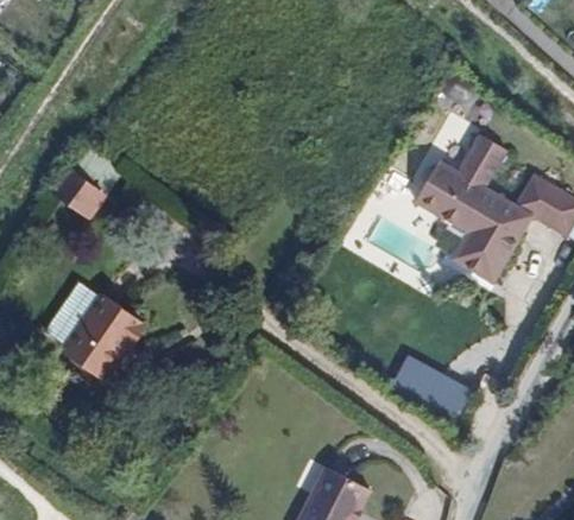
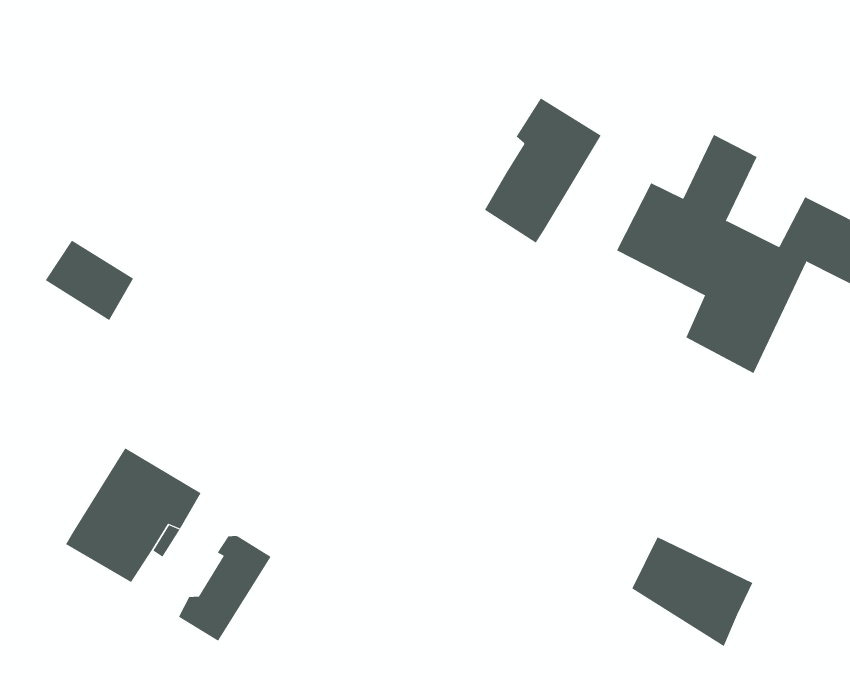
building: none -> [484,98,602,244]
building: [44,284,103,348] -> [178,536,271,641]

